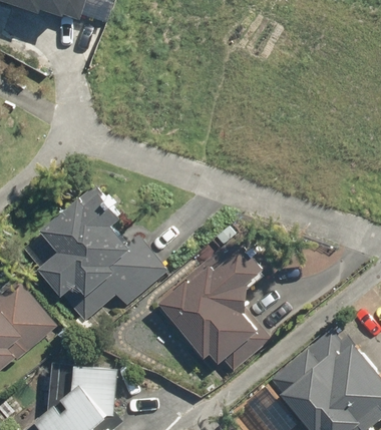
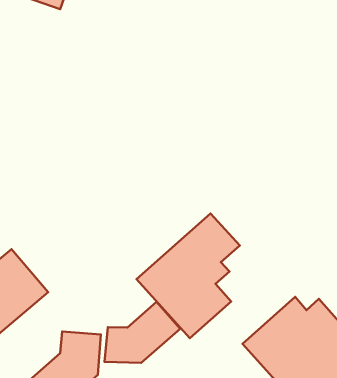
building: [34,181,159,322] -> none
building: none -> [105,302,180,363]

